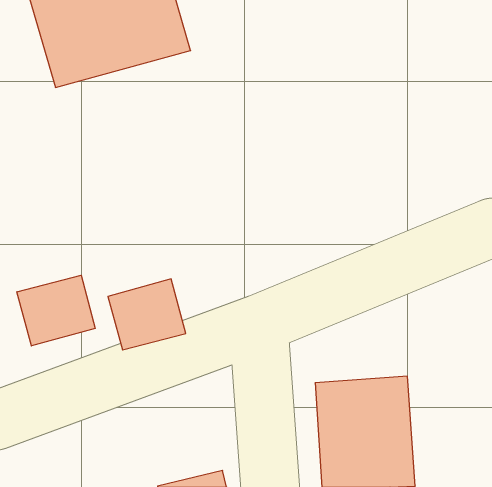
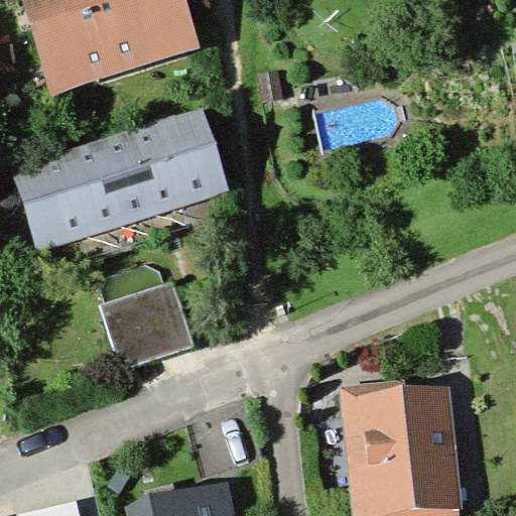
building: none -> [22,113,228,241]
building: [17,275,95,346] -> none

